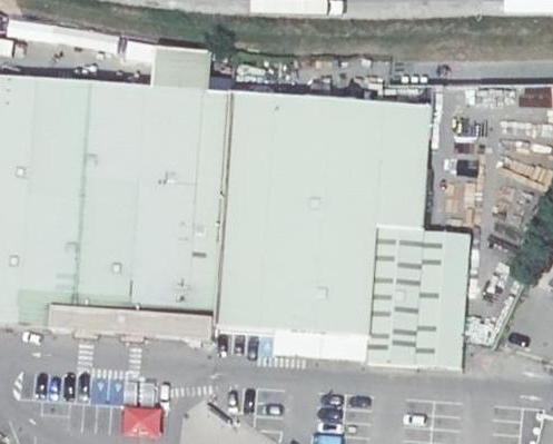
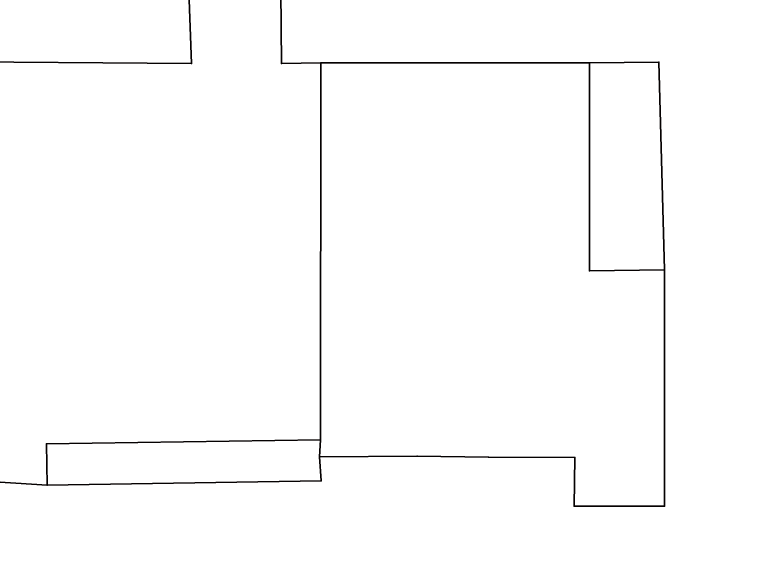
building: [417,226,468,366] -> none
building: [270,327,366,363] -> none

